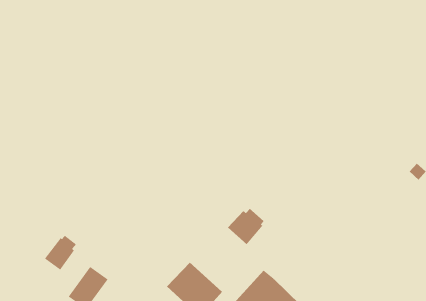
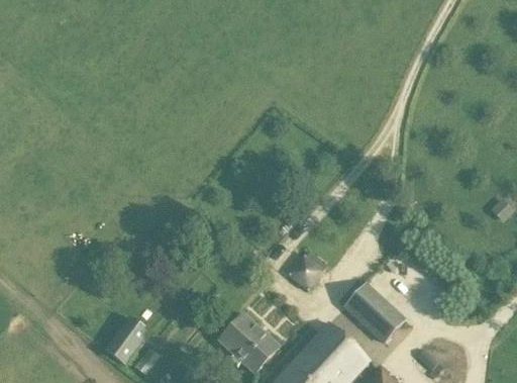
building: [44,235,77,271] -> none
building: none -> [342,281,407,344]

